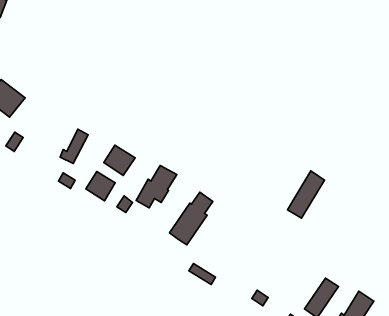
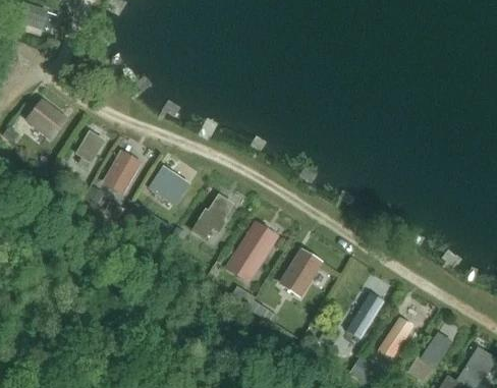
building: none -> [74,130,104,168]
building: [288,171,325,218] -> [341,289,382,341]
building: [86,172,115,201] -> none
building: none -> [278,246,323,297]

